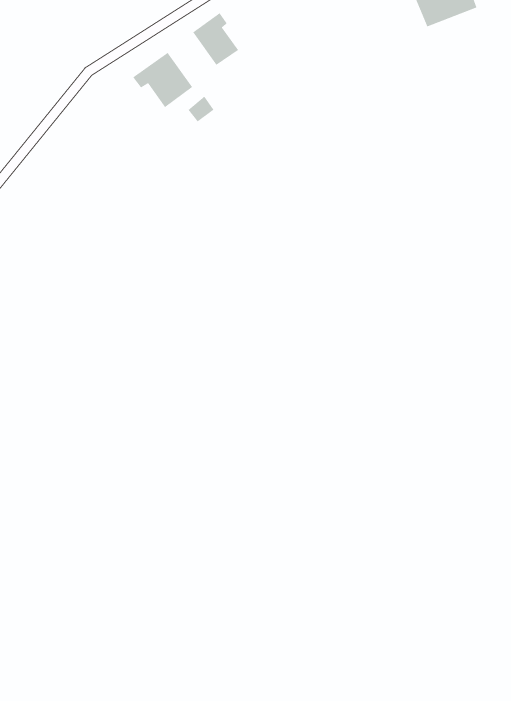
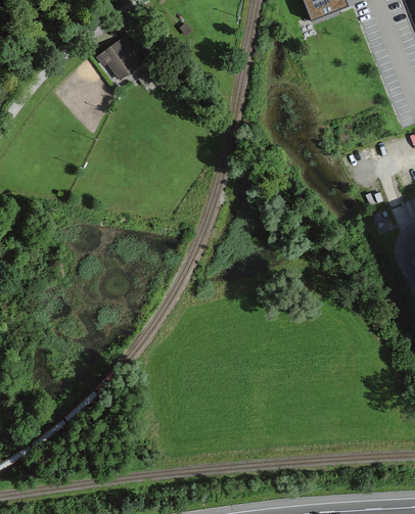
building: [192,12,239,66] -> none

